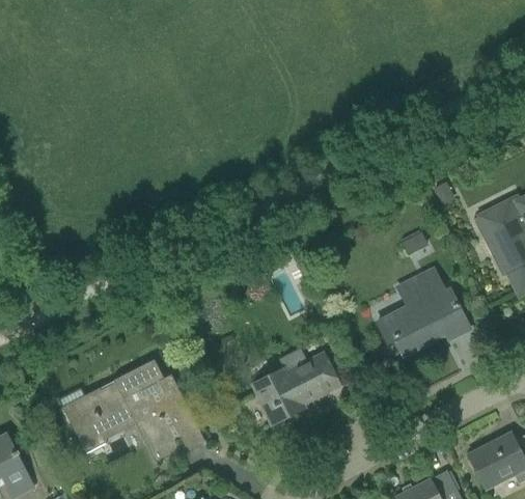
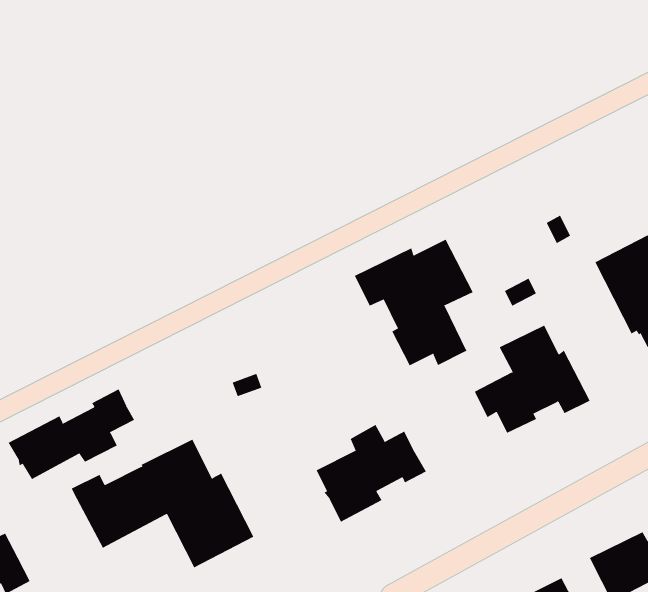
building: none -> [354,239,473,366]
building: none -> [8,389,135,480]

